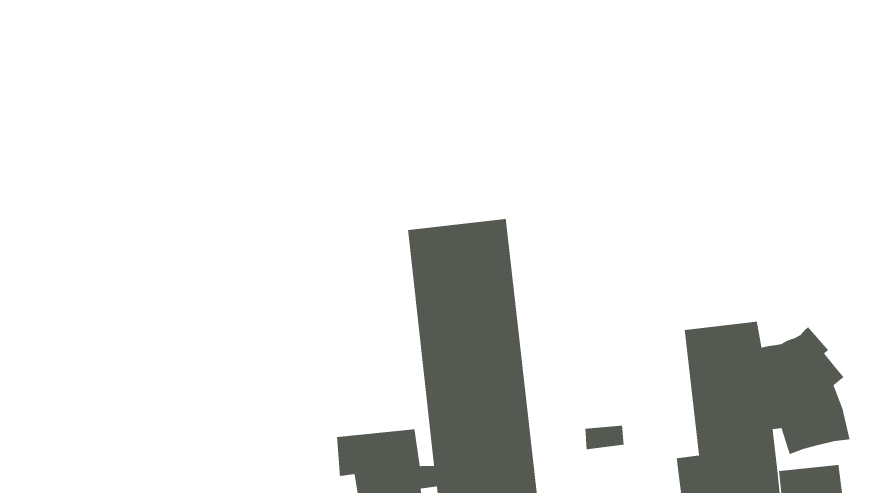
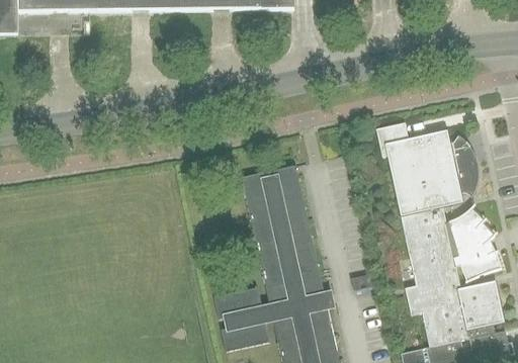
building: none -> [373,120,478,213]

